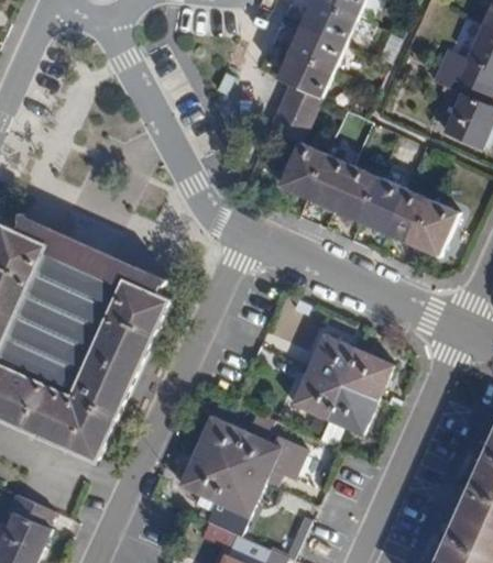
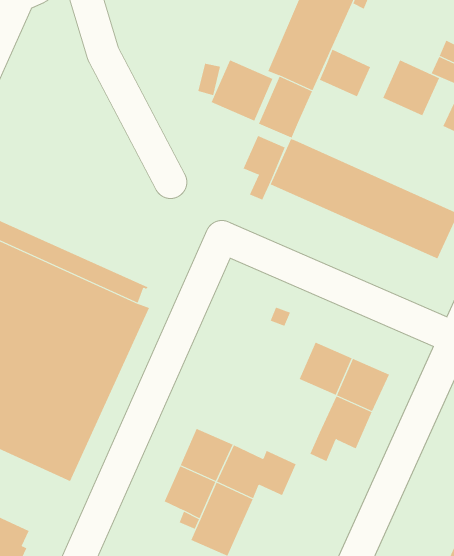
building: none -> [319,49,371,97]
building: none -> [211,59,273,122]
building: none -> [382,60,440,116]
building: none -> [243,135,286,201]
building: [292,368,342,419] -> none

